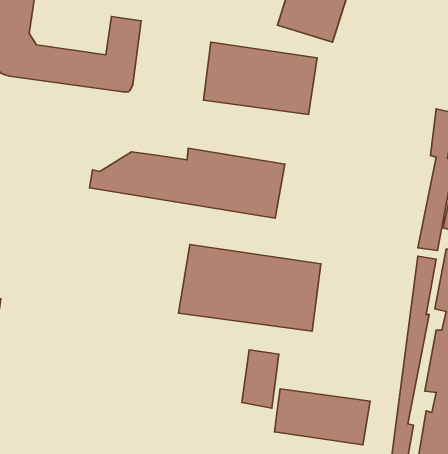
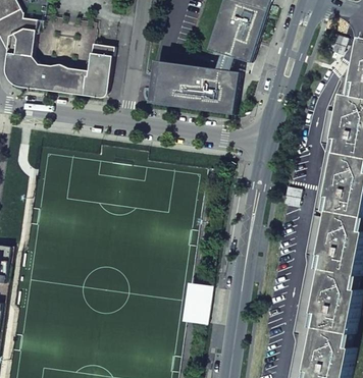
building: [89,148,285,218] -> none
building: [179,245,321,331] -> none
building: [274,389,370,445] -> none

